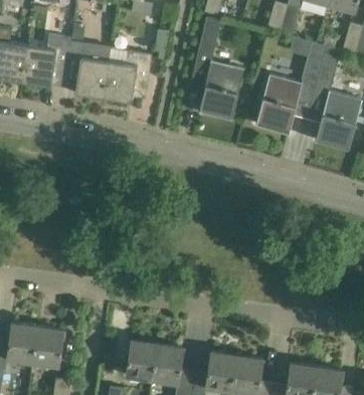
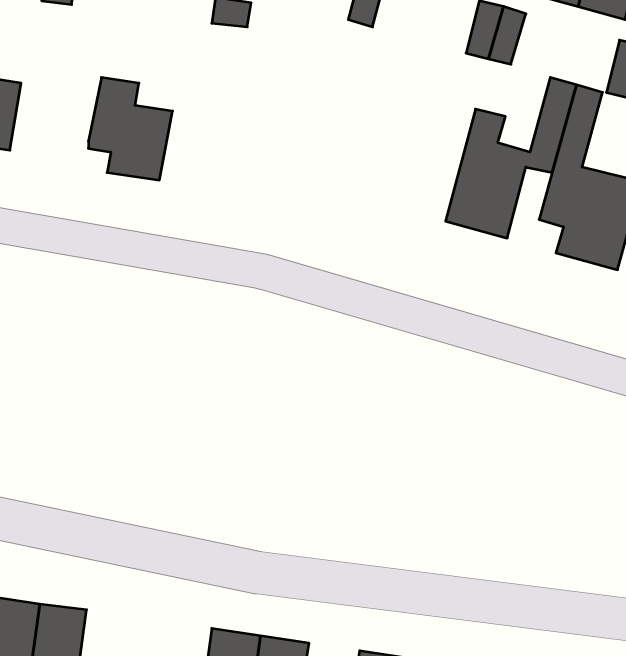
building: [191,17,244,116] -> none
building: [22,35,71,86] -> none
building: [103,51,152,103] -> none

